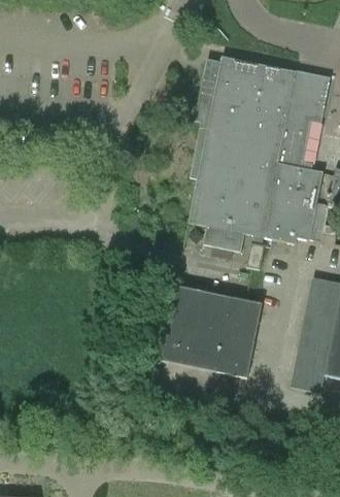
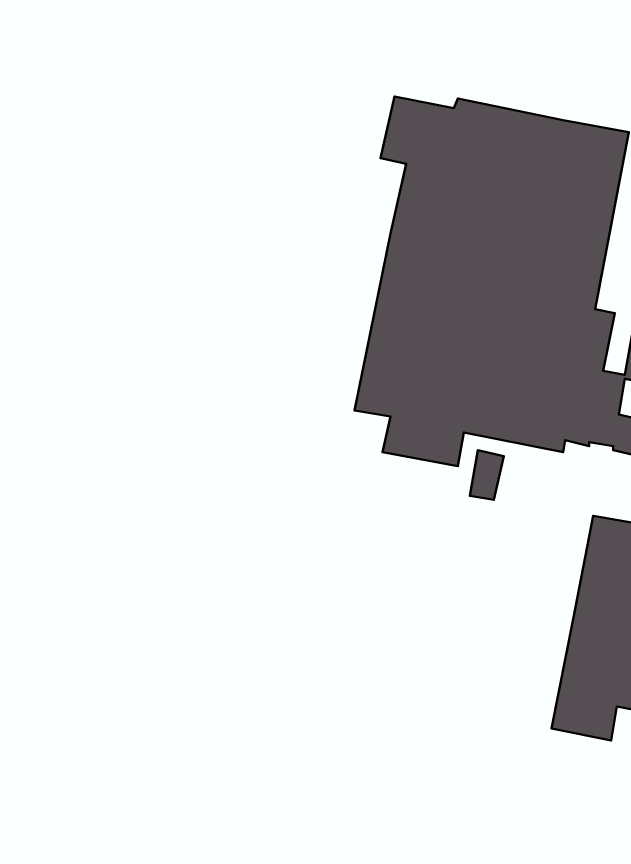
building: [160,285,262,376] -> none

